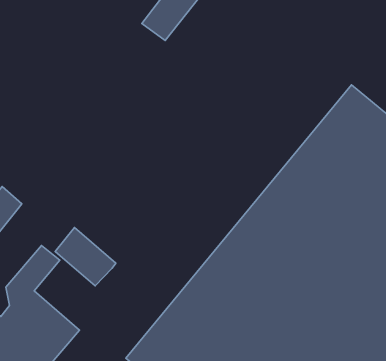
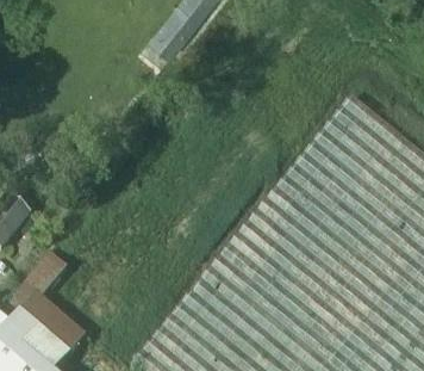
building: [55,228,116,286] -> none

